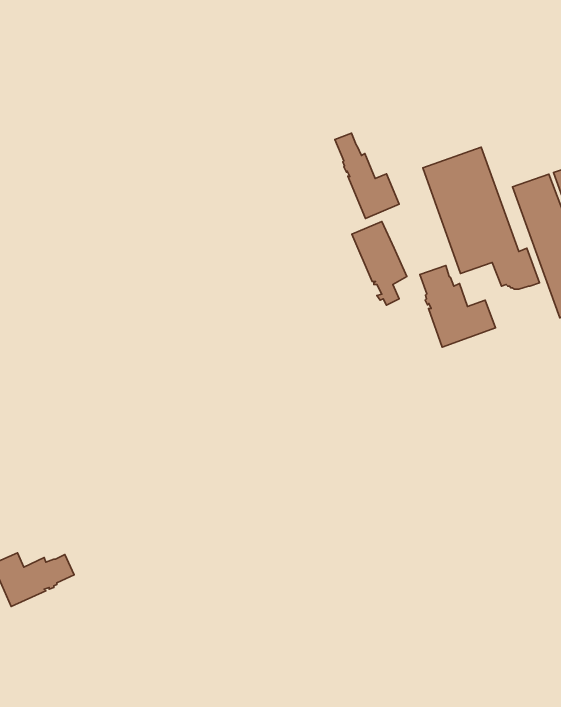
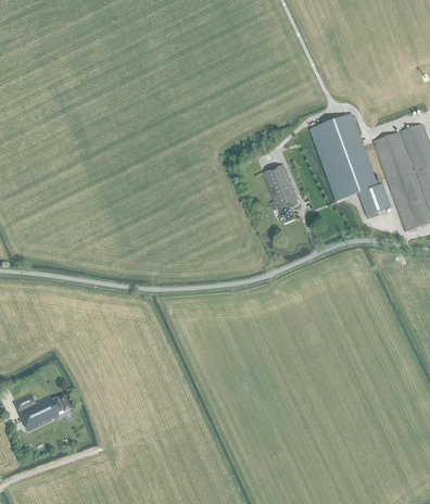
building: [335,133,399,219] -> none
building: [420,265,495,347] -> none

